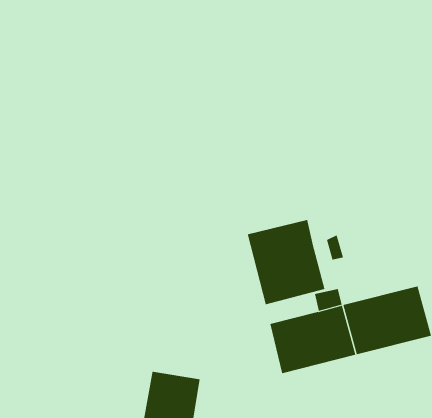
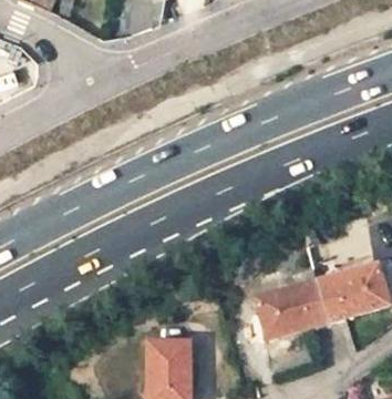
building: [247,219,325,305] -> none

